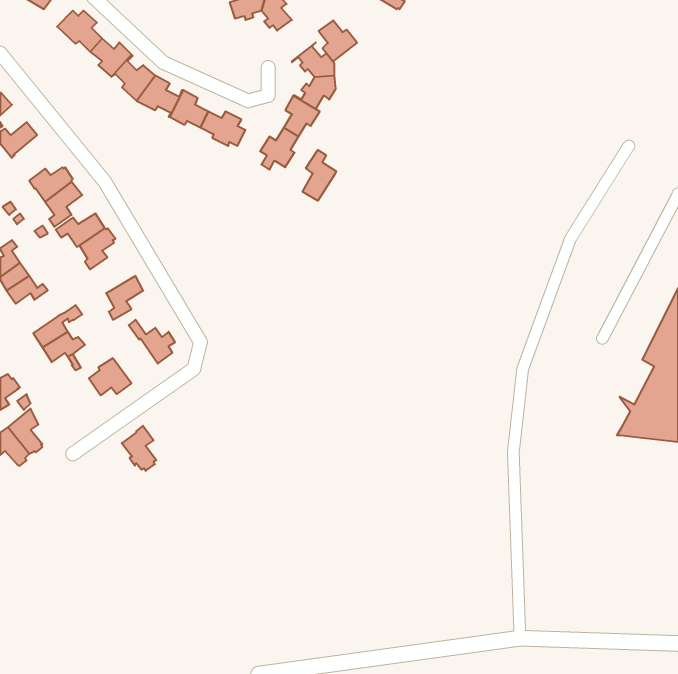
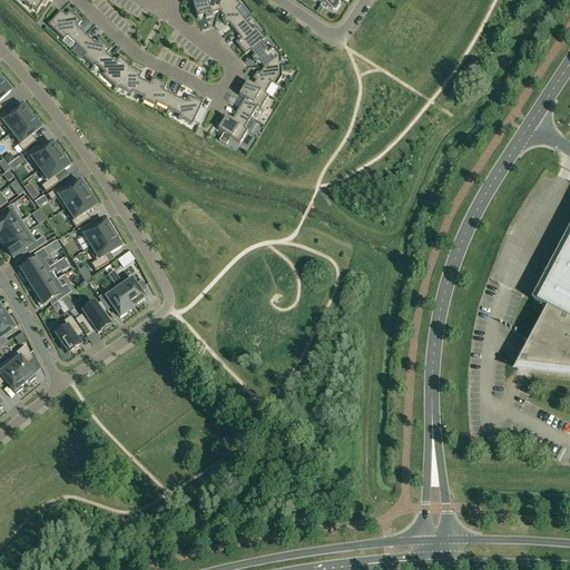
building: [319,20,357,62] -> [233,17,265,51]
building: none -> [11,114,41,149]
building: [303,150,336,201] -> none
building: none -> [77,219,115,245]
building: none -> [20,246,49,279]
building: none -> [98,284,132,315]
building: [122,426,156,471] -> [52,314,81,352]

